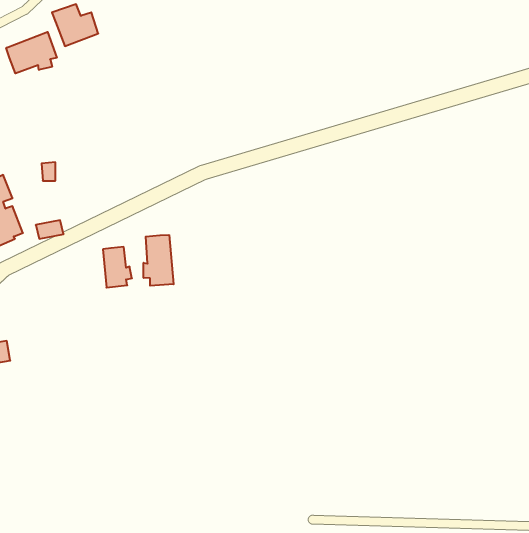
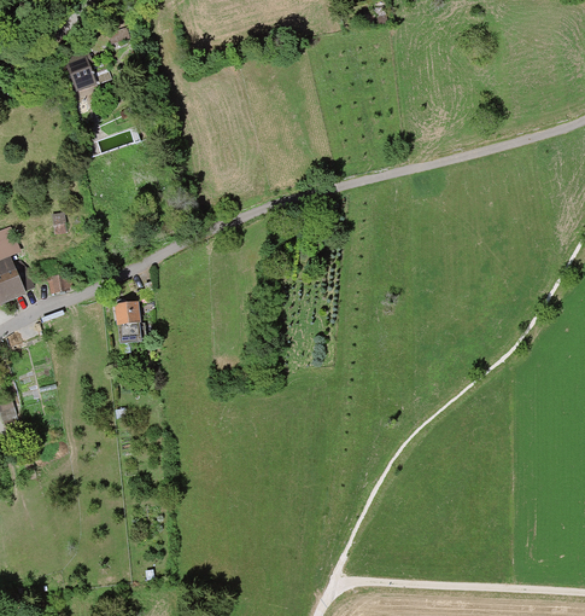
building: [6,32,57,73] -> none
building: [144,235,174,286] -> none

